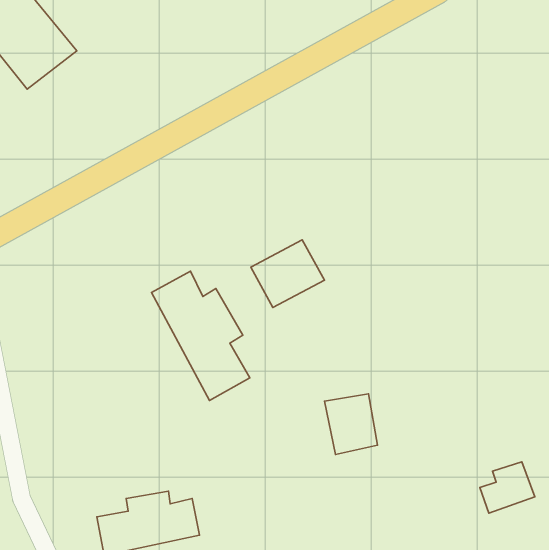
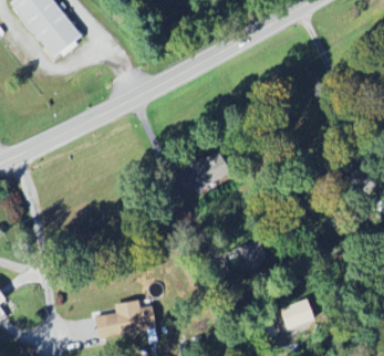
building: [152,271,250,400] -> none
building: [480,462,535,513] -> [279,299,312,329]

